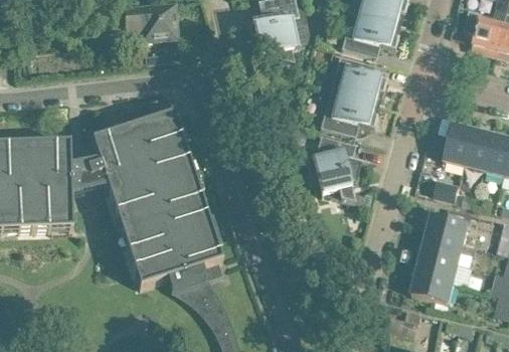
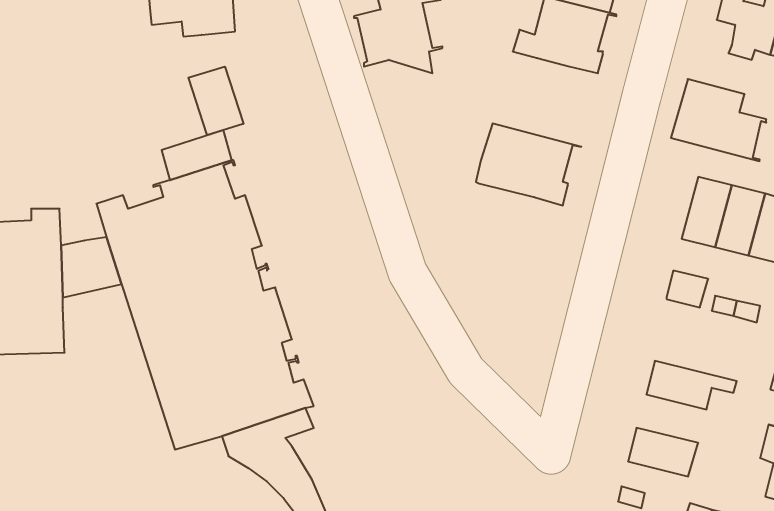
building: [330,55,387,105] -> [671,79,766,161]
building: none -> [188,67,243,135]
building: [313,134,369,202] -> none
building: [428,212,469,242] -> none
building: [416,253,459,283] -> none

